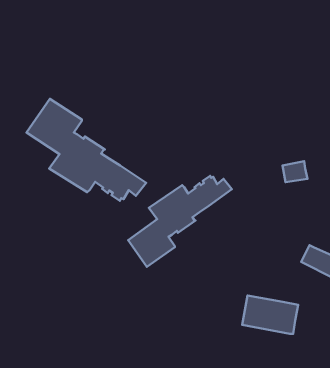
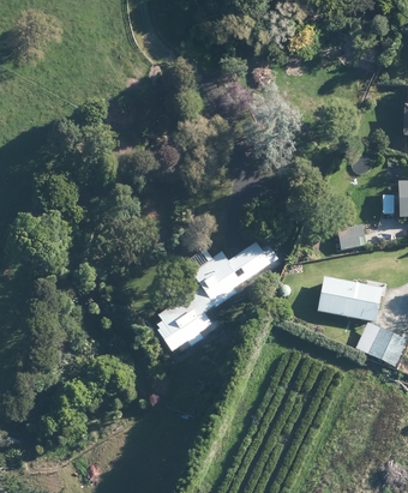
building: [26,99,146,201] -> none
building: [242,296,298,334] -> [318,277,383,321]

